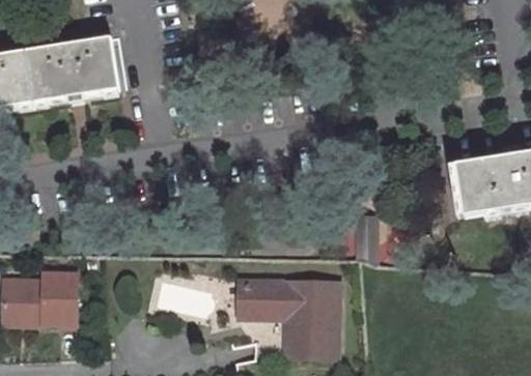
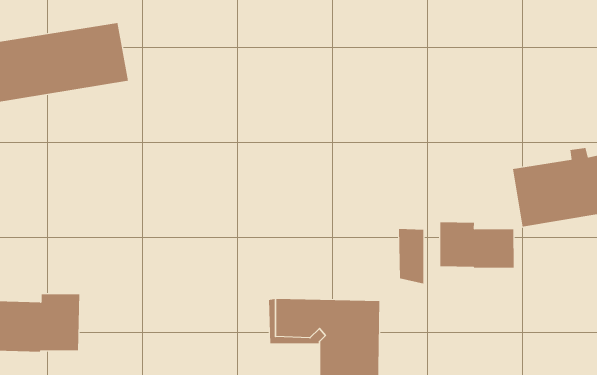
building: none -> [440,221,514,268]

